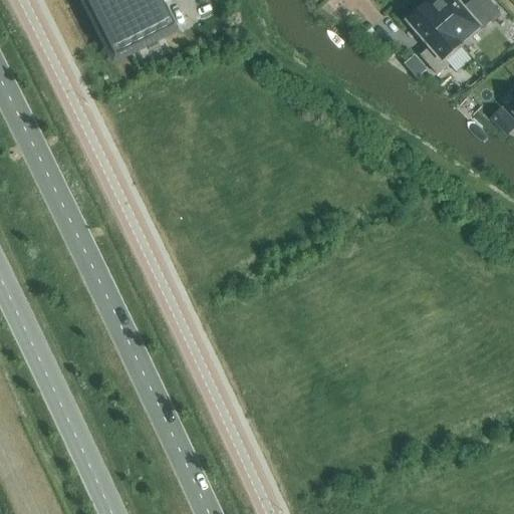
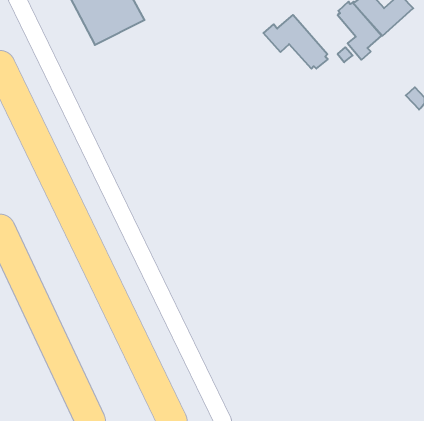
building: none -> [263,15,328,69]

